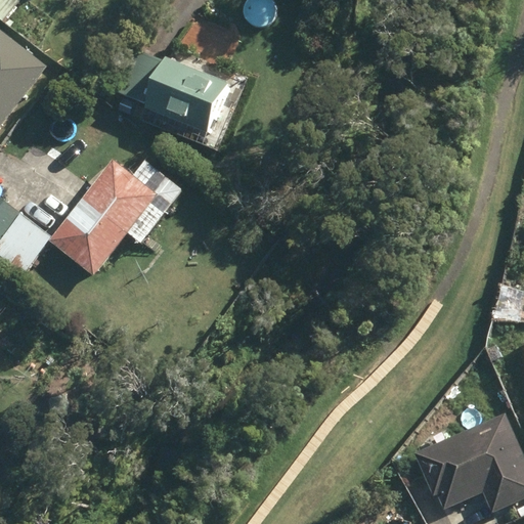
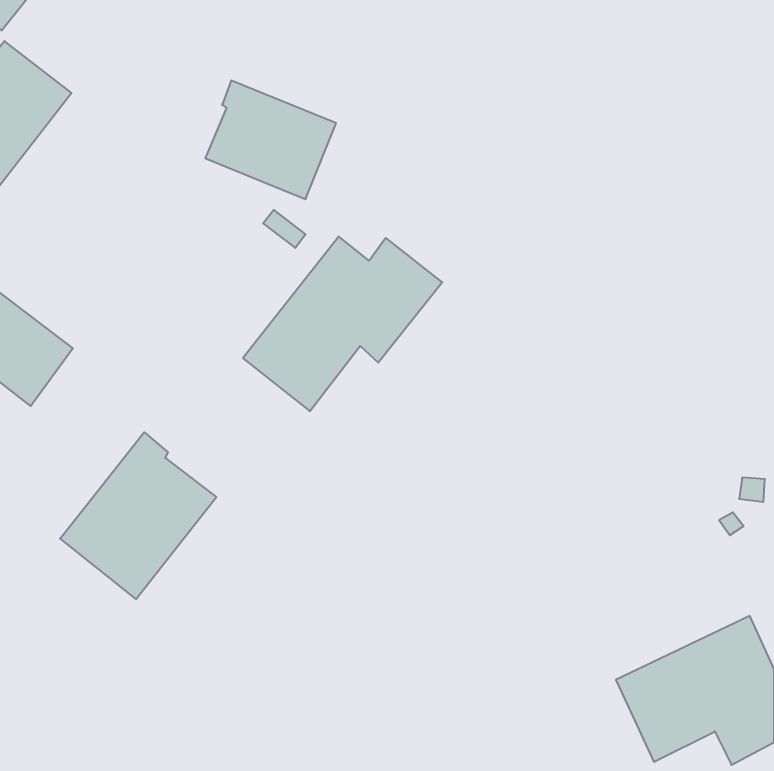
building: [46,160,180,277] -> [243,236,442,411]
building: none -> [60,432,216,599]

